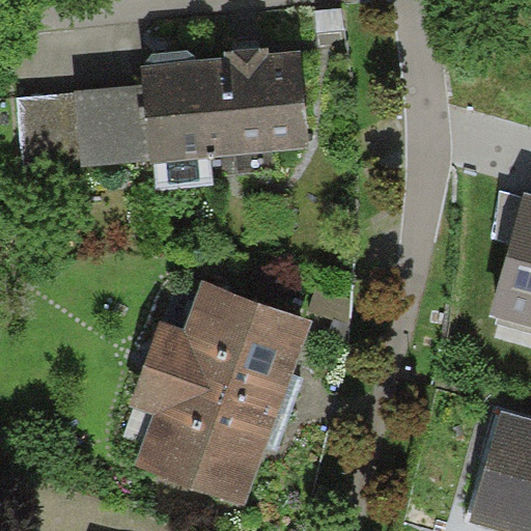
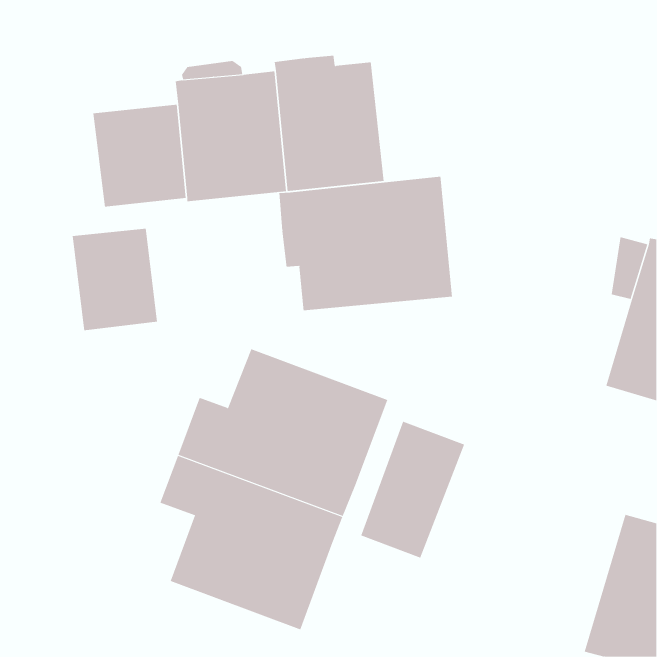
building: [15,91,84,174] -> [72,228,158,331]
building: none -> [279,176,453,311]
building: none -> [361,421,465,559]

